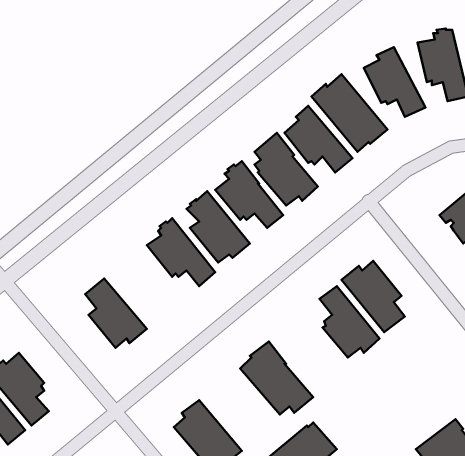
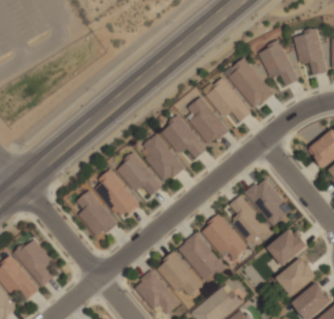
building: none -> [95,168,140,215]
building: none -> [202,214,246,258]
building: none -> [269,228,308,265]
building: none -> [158,251,201,295]
building: none -> [277,257,318,295]

